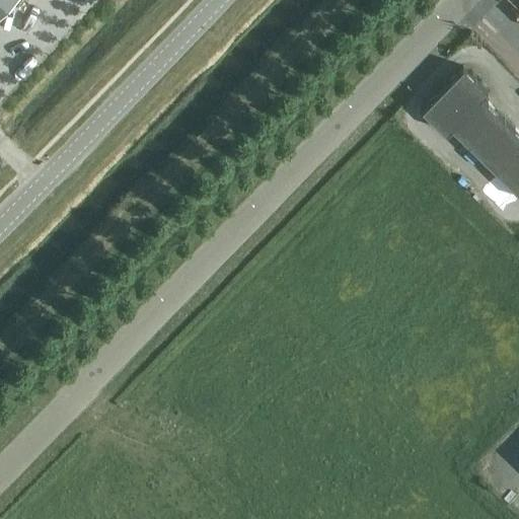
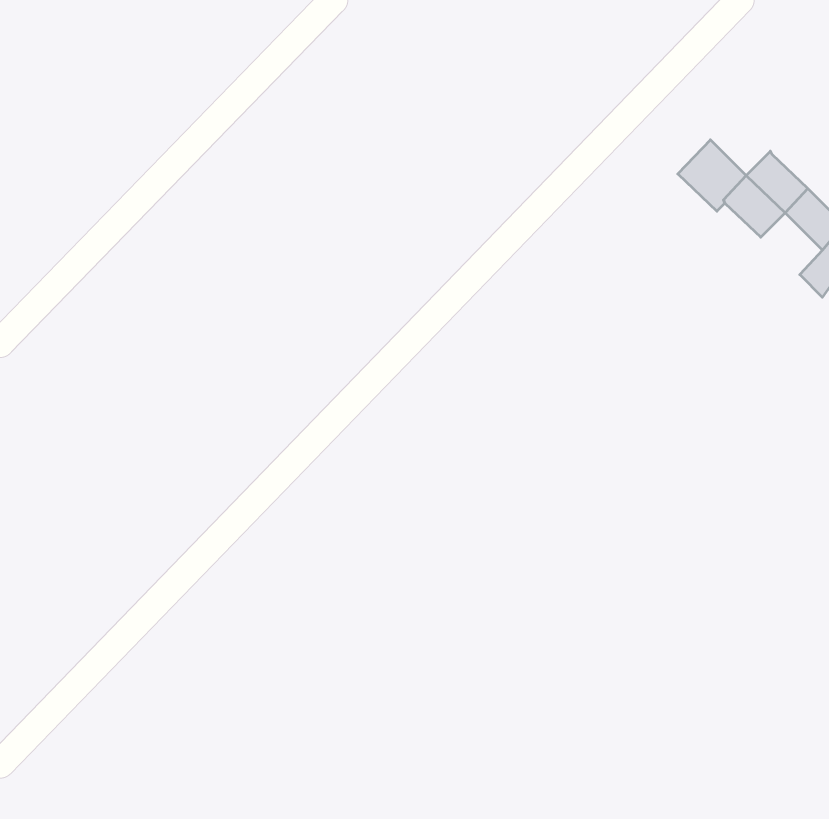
building: [444,73,489,117] -> none
building: [475,140,514,178] -> none

